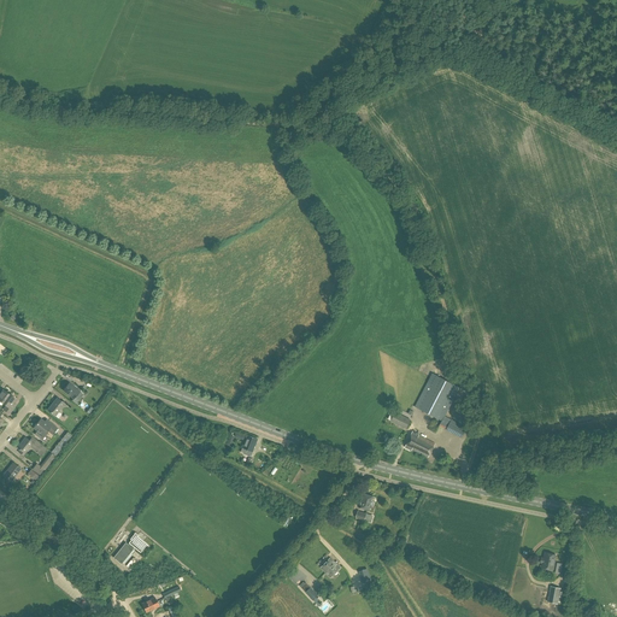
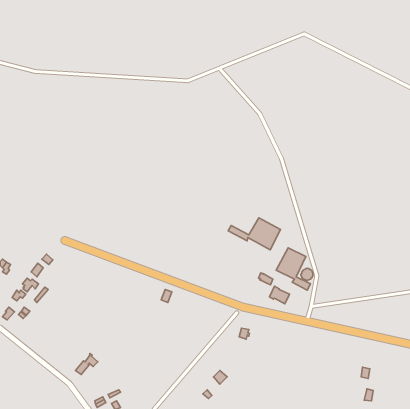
building: none -> [228,218,280,250]

